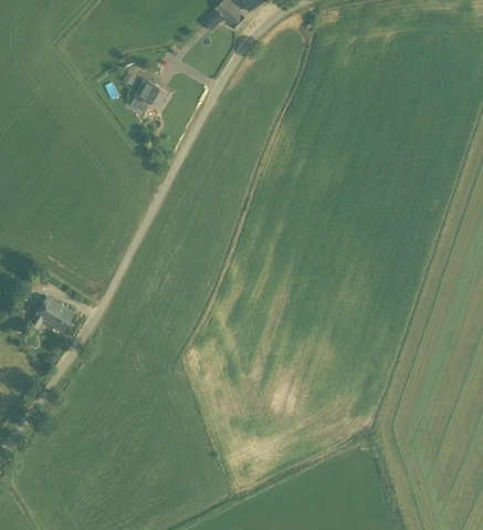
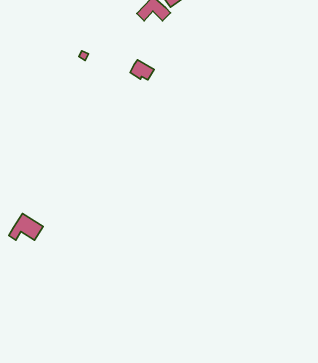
building: [135,80,168,107] -> [130,60,154,80]

